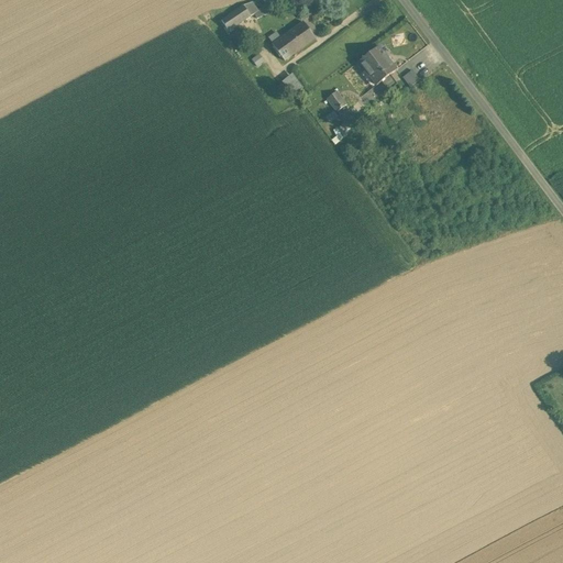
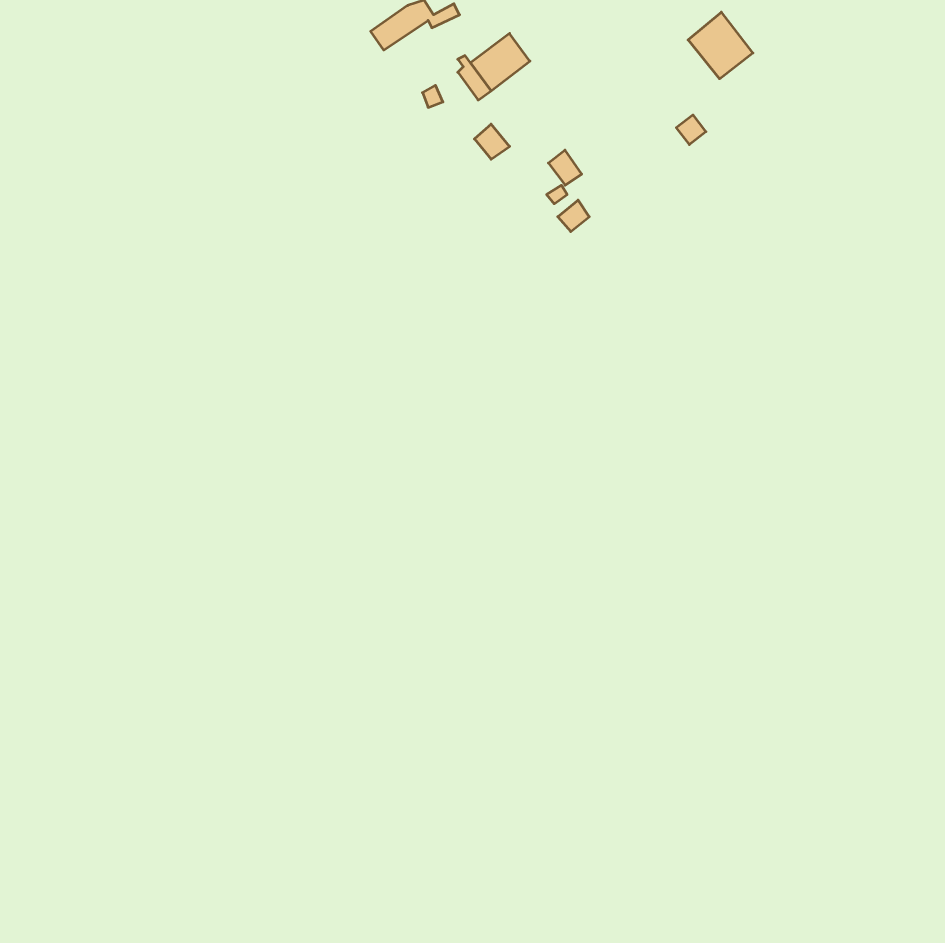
building: [357,44,396,84] -> [688,12,753,79]

